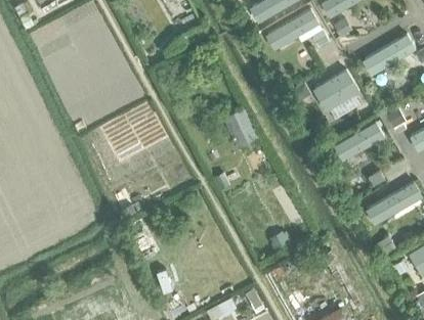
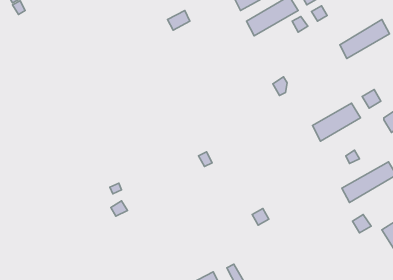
building: [311,68,359,111] -> none
building: [223,107,258,146] -> none

